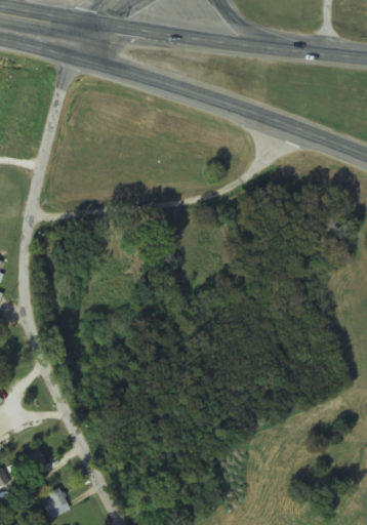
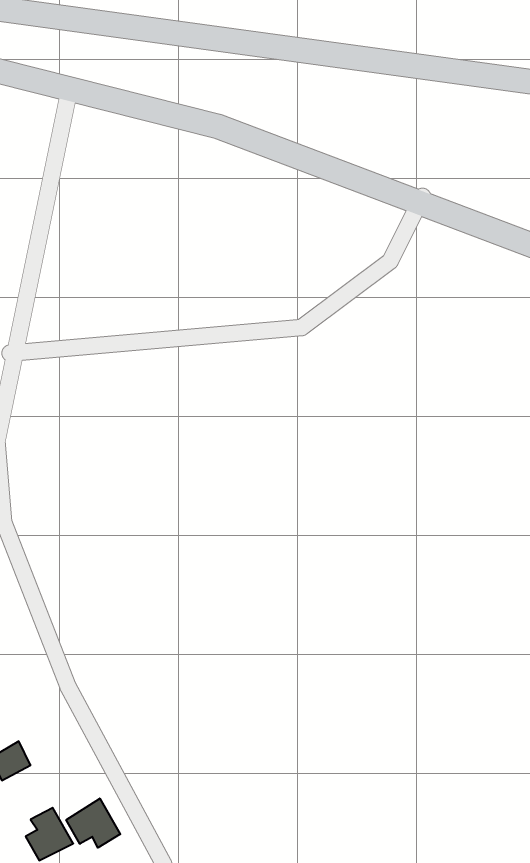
building: none -> [66,798,120,848]

